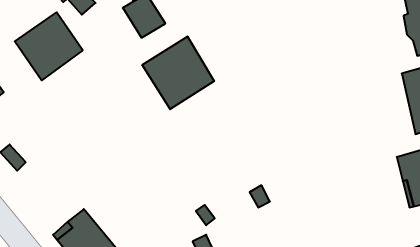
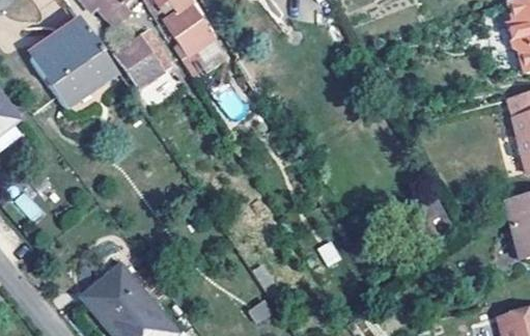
building: none -> [114,35,165,90]
building: [142,36,214,109] -> none

